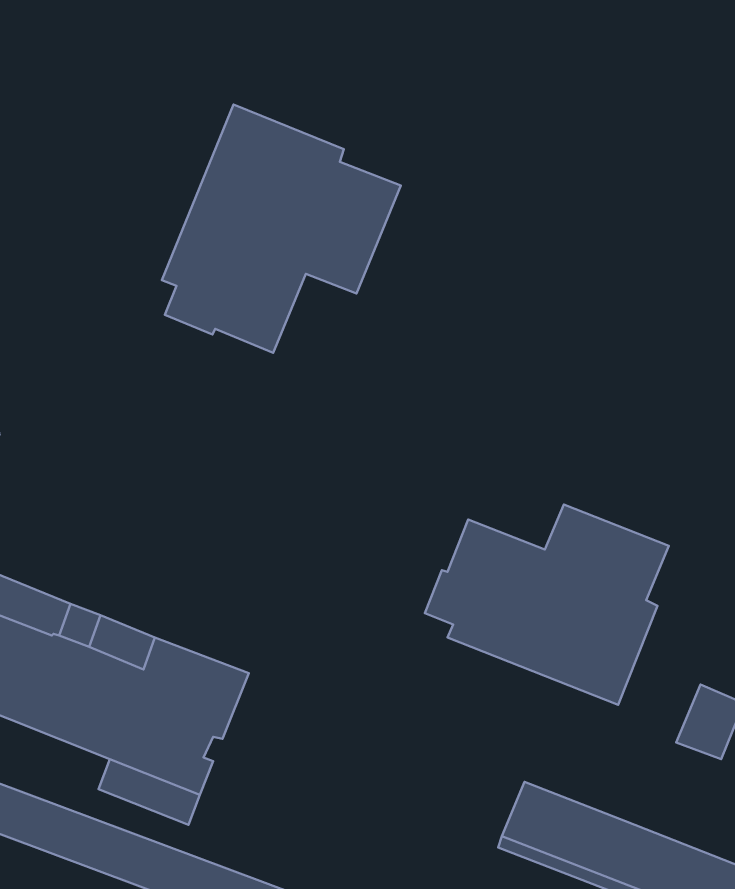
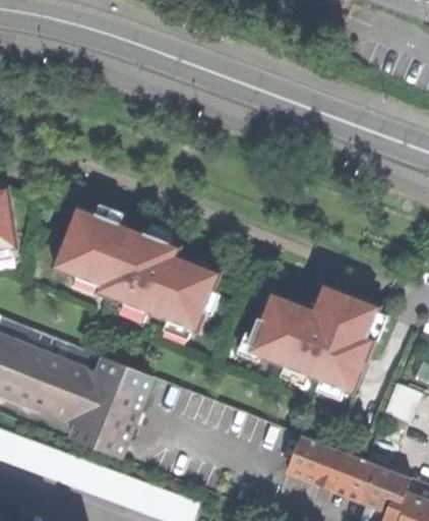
building: [162,104,401,353] -> none
building: none -> [53,208,219,333]

